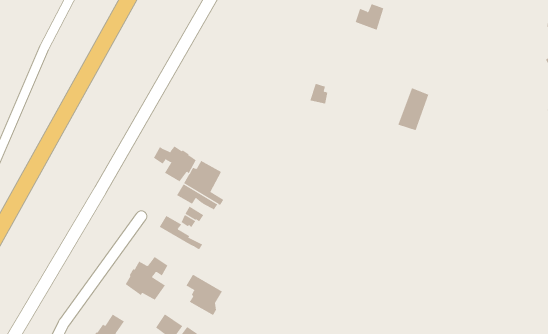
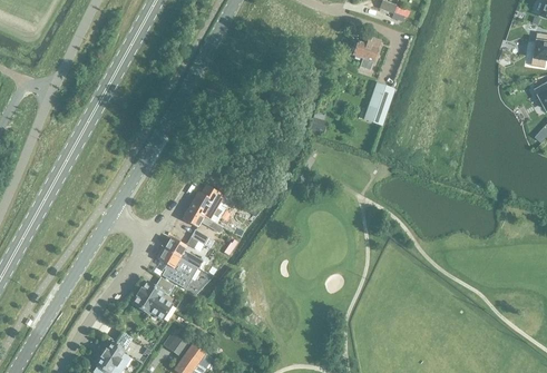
building: [398,88,429,131] -> [363,82,393,124]
building: [153,145,196,182] -> none
building: [185,274,223,316] -> [158,248,194,288]

